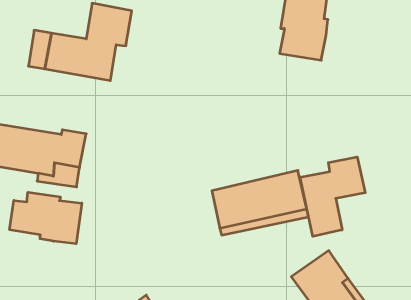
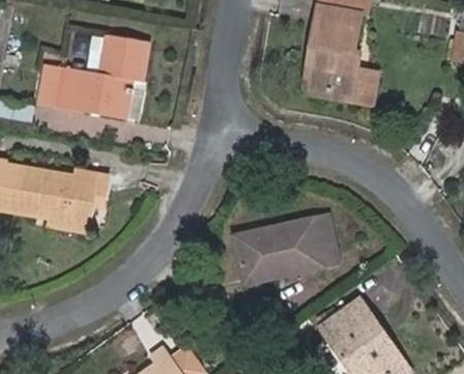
building: none -> [302,61,377,104]
building: [300,157,365,236] -> none
building: [10,192,82,244] -> none

